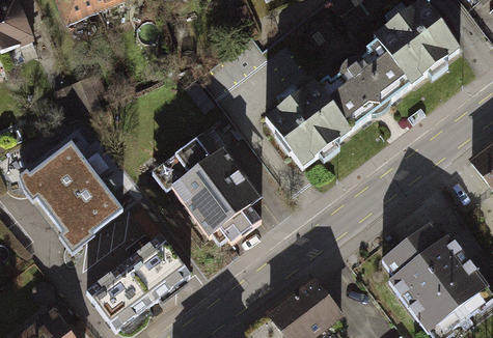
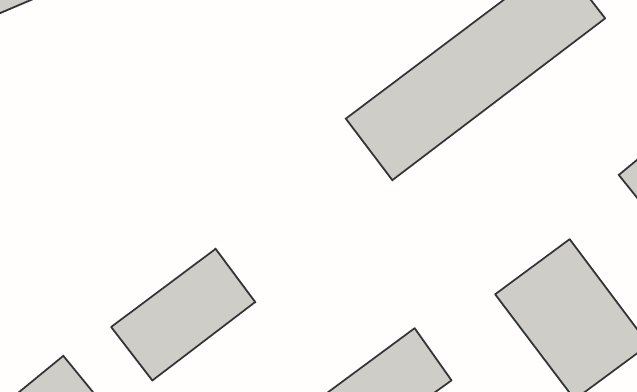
building: [22,130,127,237] -> none
building: [155,132,267,248] -> none

